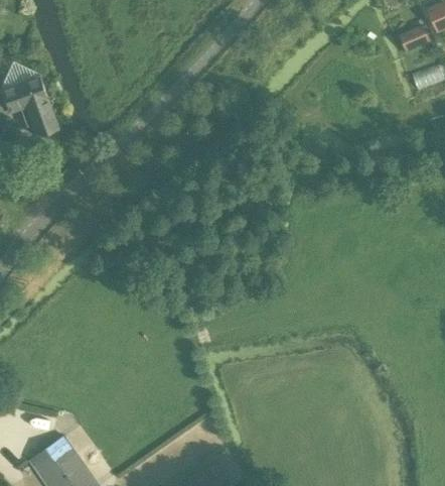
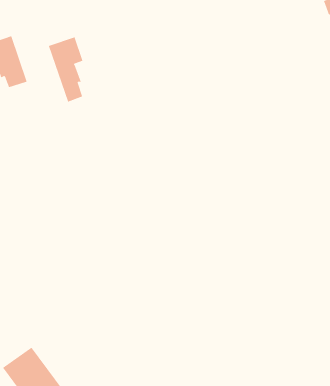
building: none -> [48,36,83,103]

